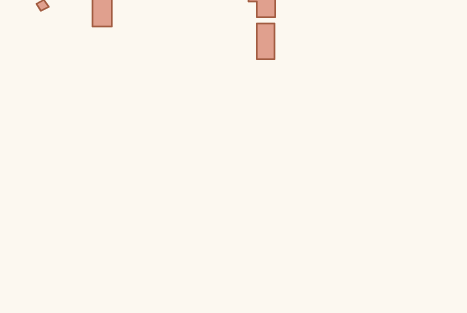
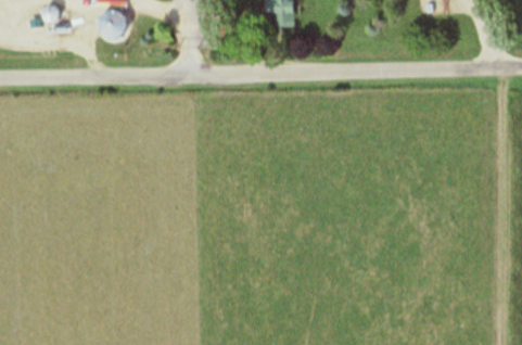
building: [257,23,274,59] -> none

